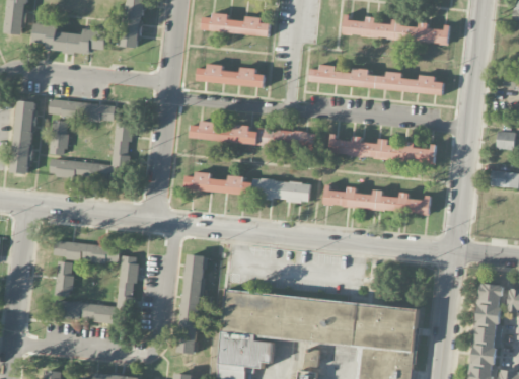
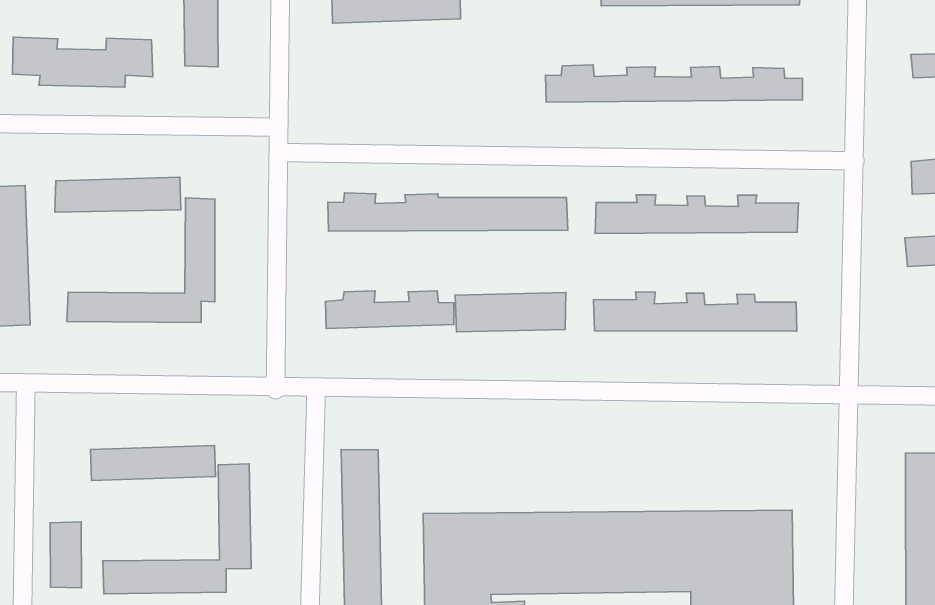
building: [197,64,265,87] -> none
building: [50,121,68,155] -> none
building: [54,261,73,297] -> [50,522,82,588]

